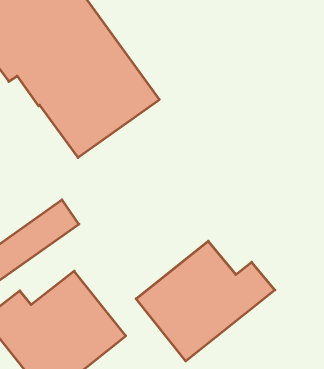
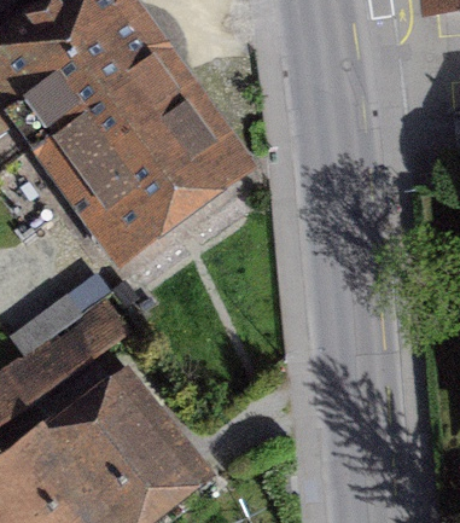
building: [136,241,275,361] -> none

